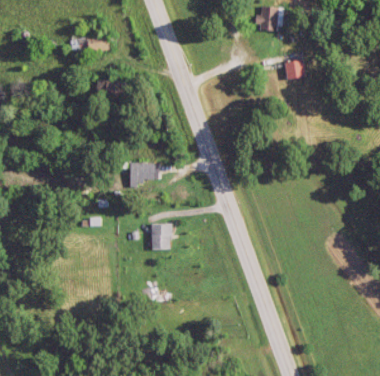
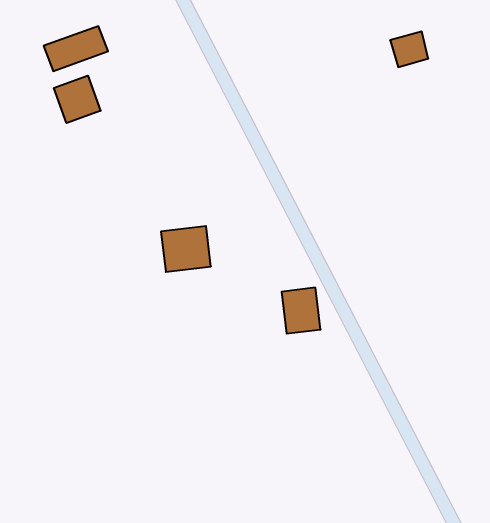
building: none -> [54,76,101,123]
building: [151,223,172,249] -> [282,288,321,334]

